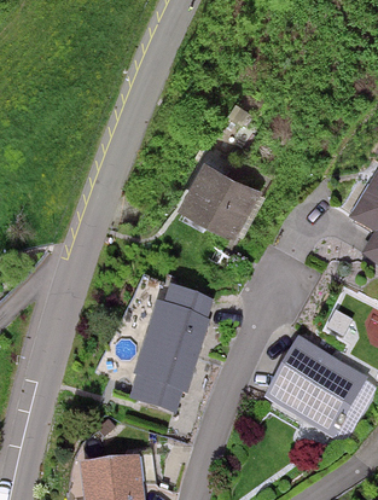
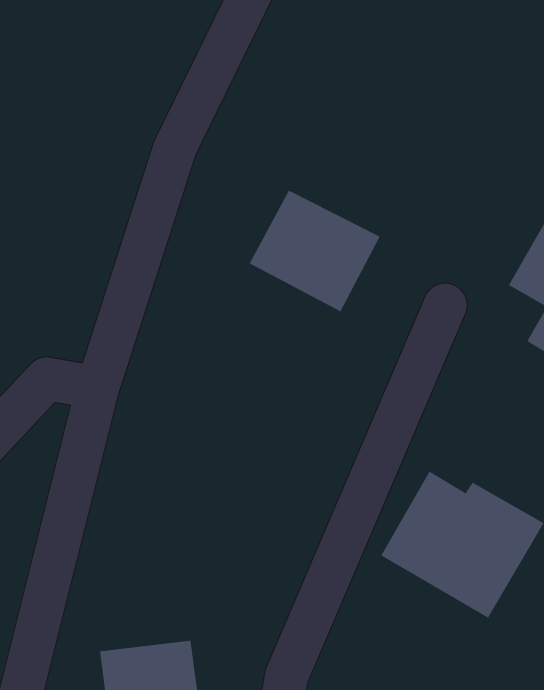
building: [124,286,210,415] -> none

